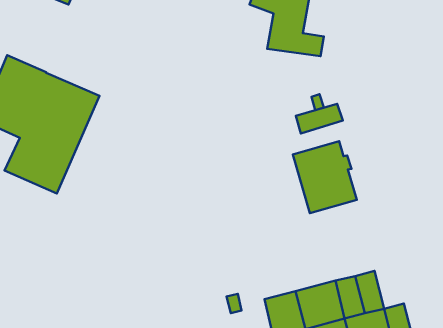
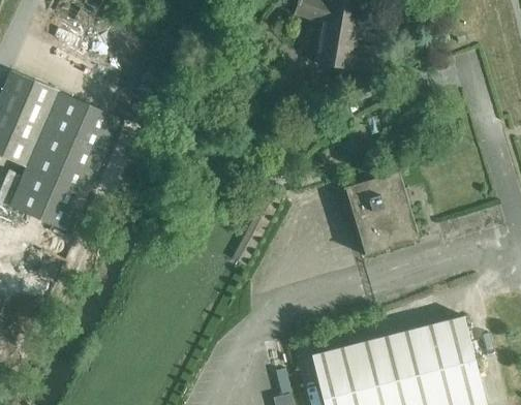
building: [296,104,343,133] -> none
building: none -> [439,316,473,367]

